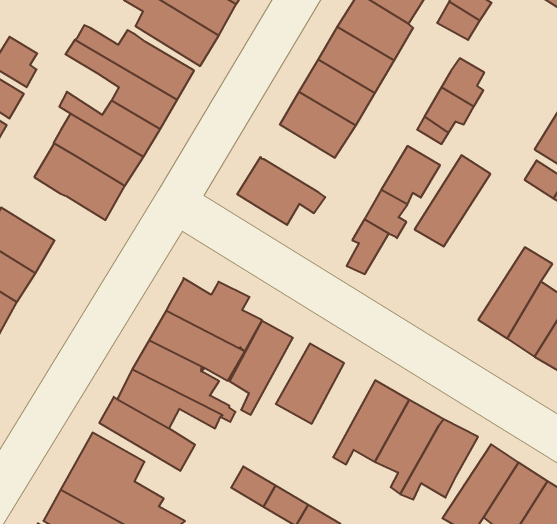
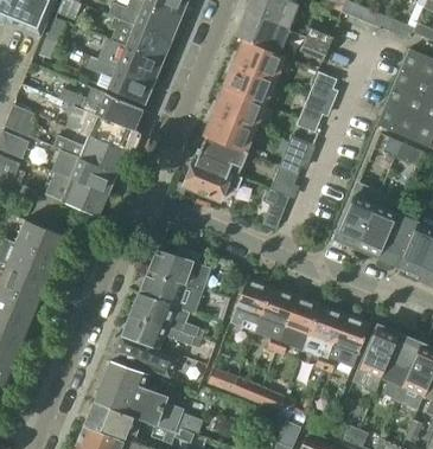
building: none -> [197,135,248,177]
building: [415,155,490,247] -> [336,182,381,245]
building: [229,321,293,415] -> [256,288,294,352]

